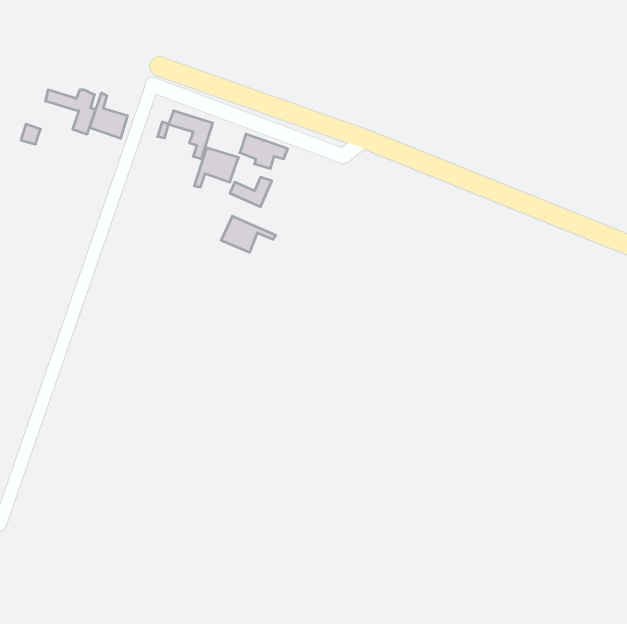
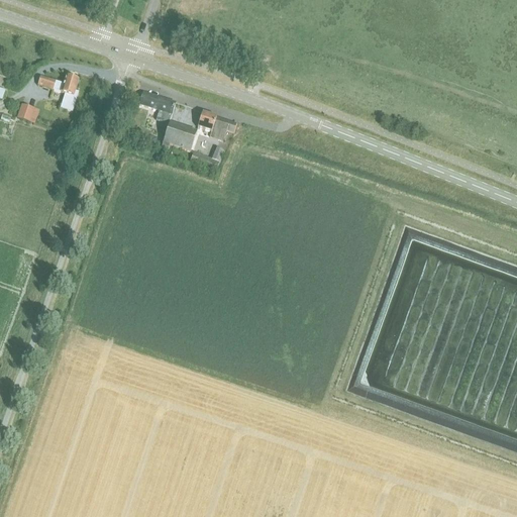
building: [90,93,127,138] -> none
building: [221,216,276,252] -> none

